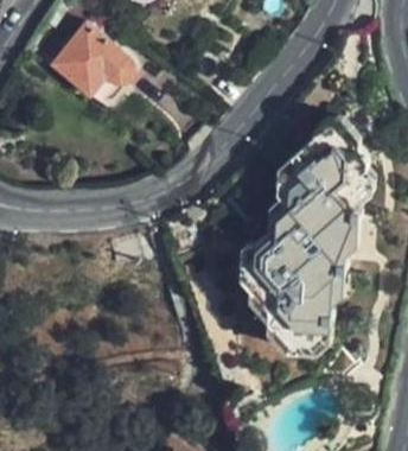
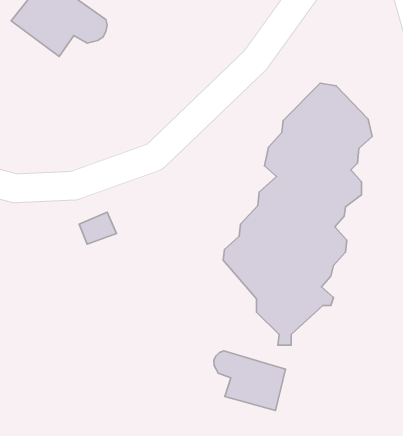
building: none -> [214,351,286,410]

